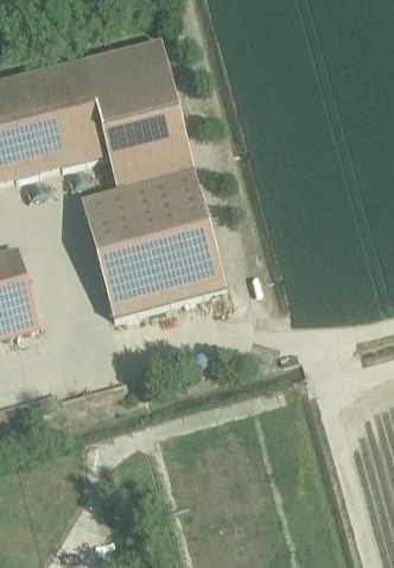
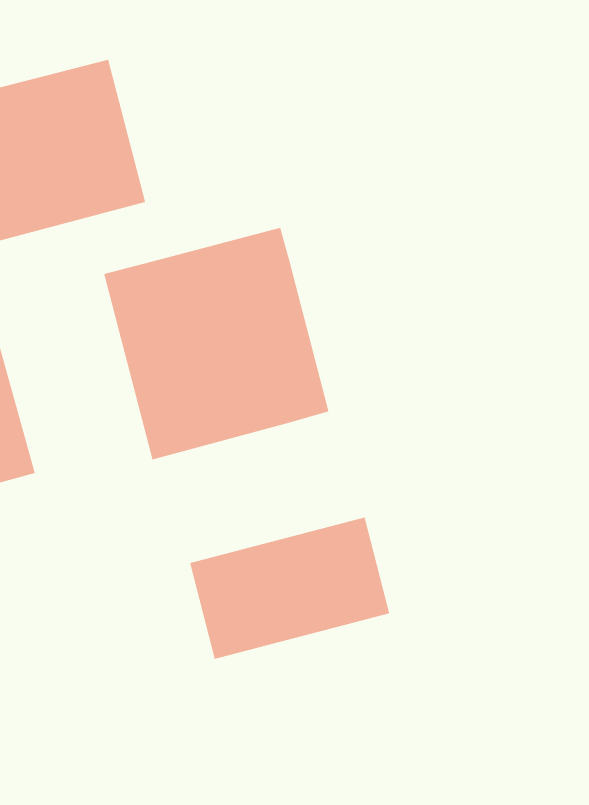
building: [84,43,193,189] -> none
building: none -> [189,516,390,660]

